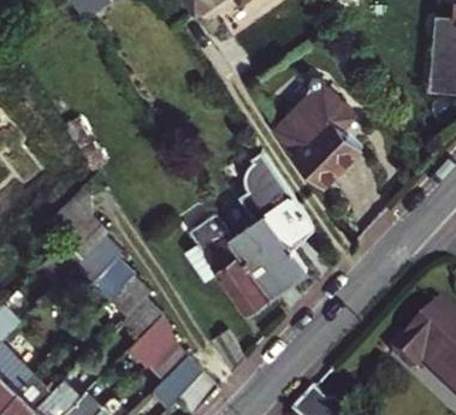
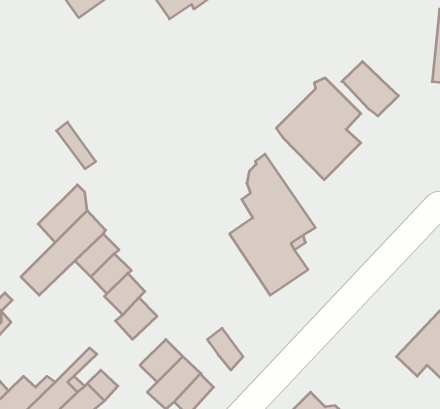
building: none -> [342,61,399,116]
building: [189,209,272,313] -> none

